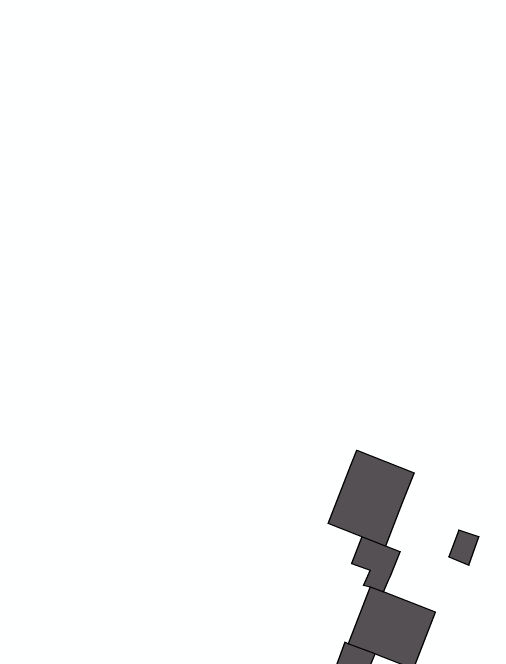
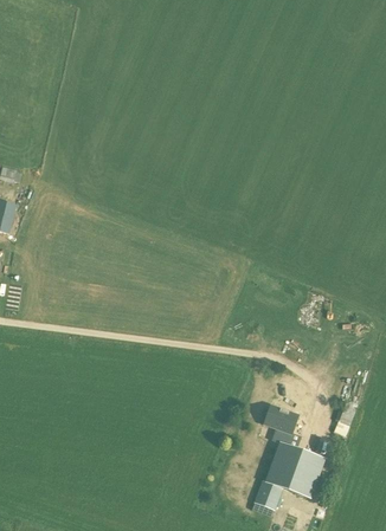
building: [328,450,414,546] -> none

